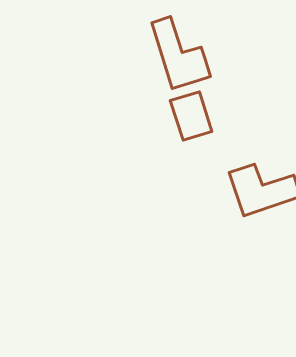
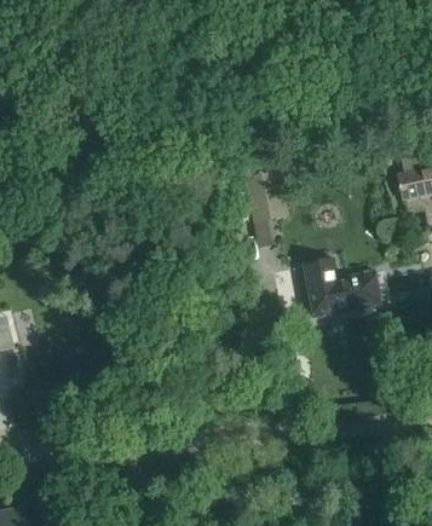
building: [152,16,211,89] -> none

